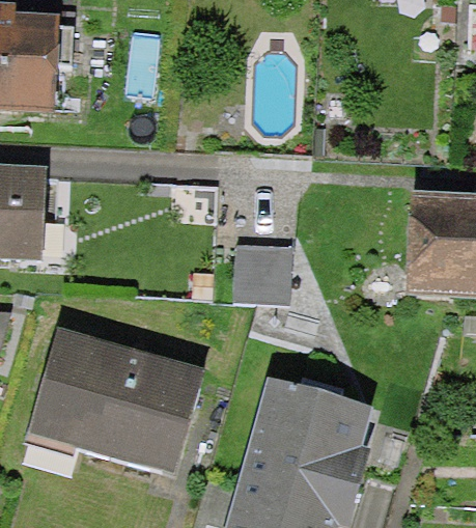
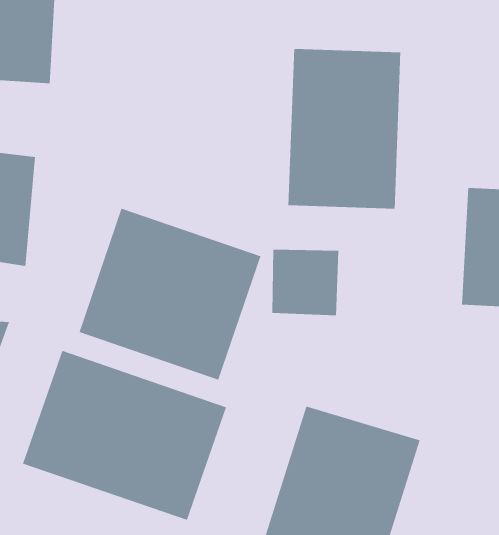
building: none -> [288,48,401,210]
building: none -> [79,208,261,381]

